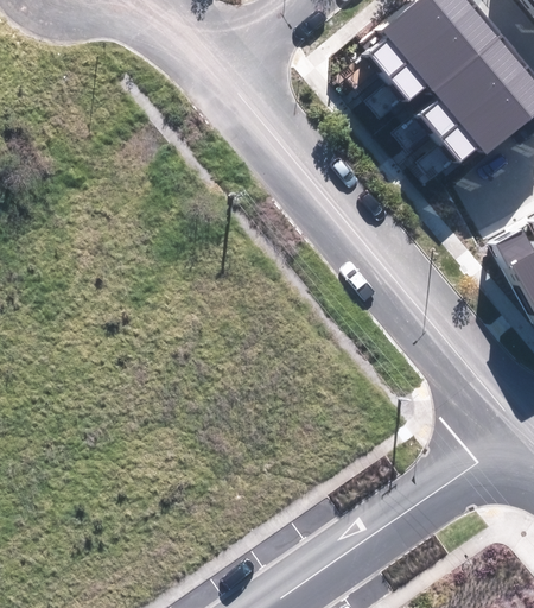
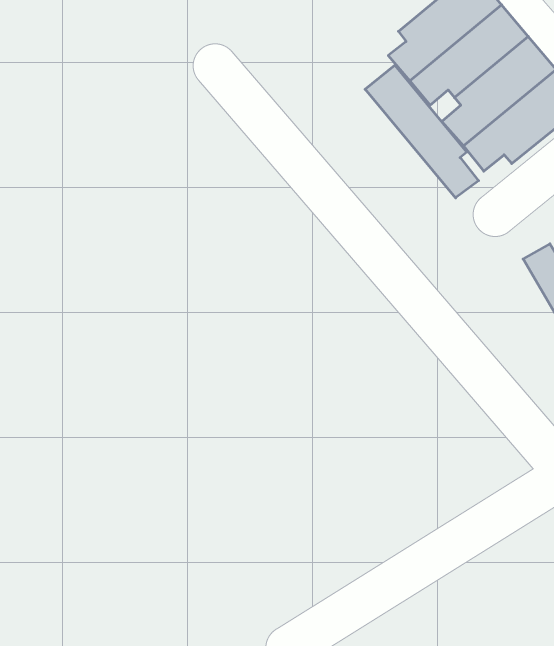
building: none -> [365,65,479,198]

